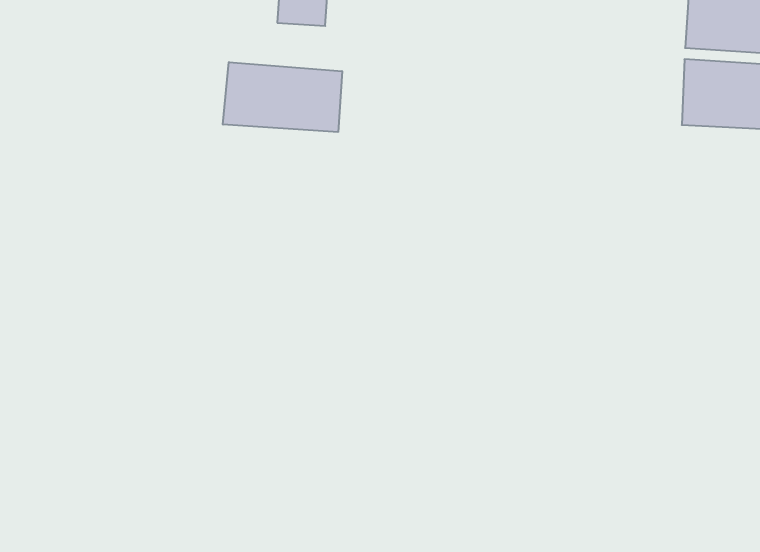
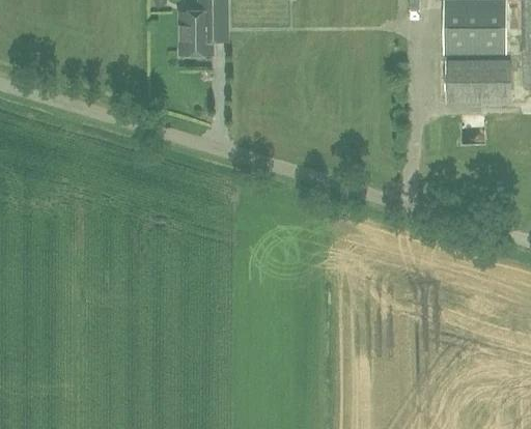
building: [223,62,342,132] -> none

